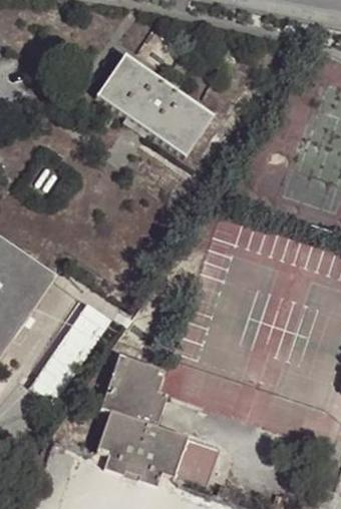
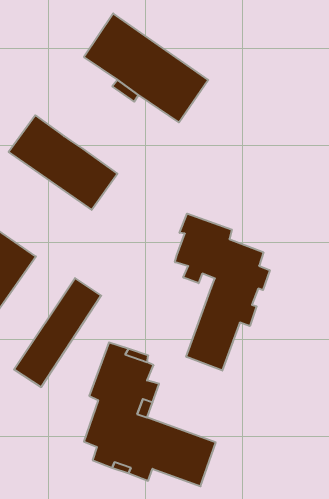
building: none -> [9,115,117,210]
building: none -> [175,214,270,371]

